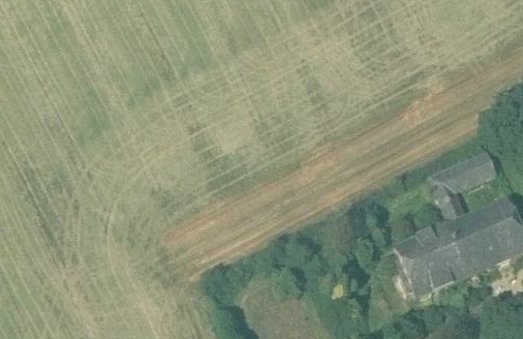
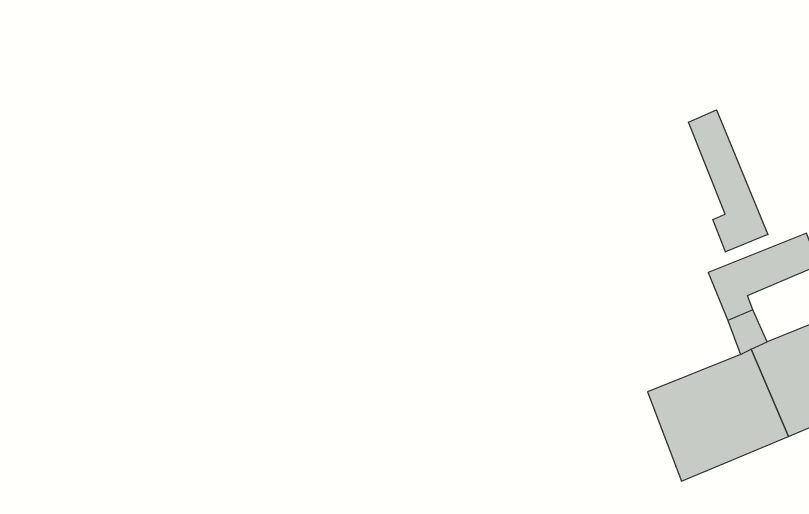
building: none -> [689,110,768,252]

